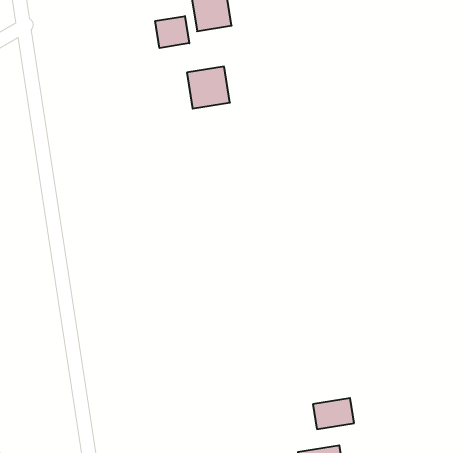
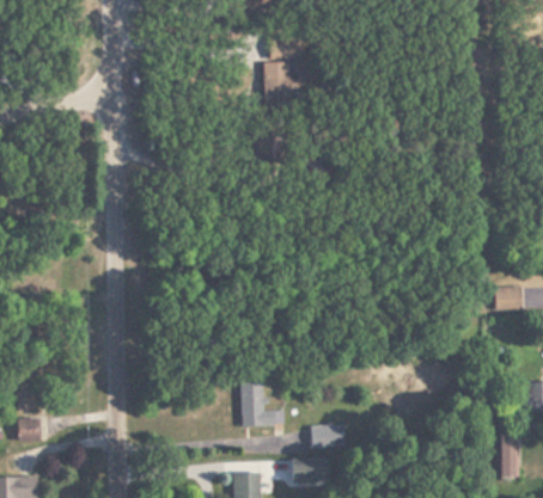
building: [155,16,189,48] -> none
building: none -> [240,381,282,426]

